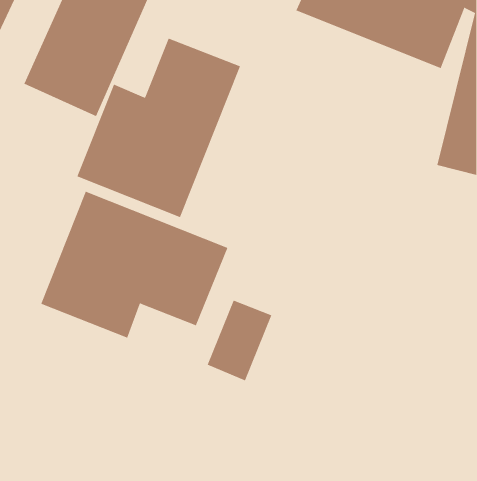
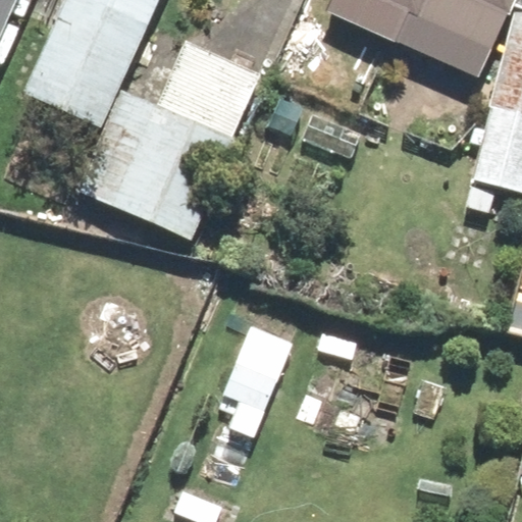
building: [40,191,228,339] -> none

